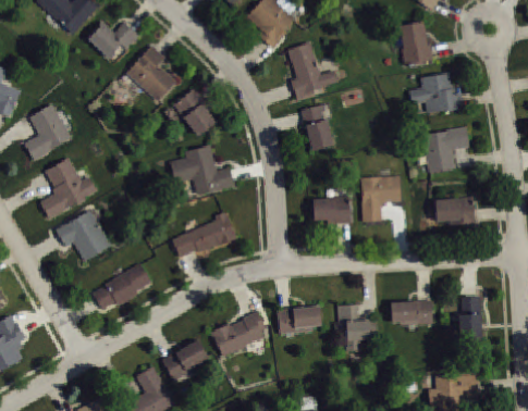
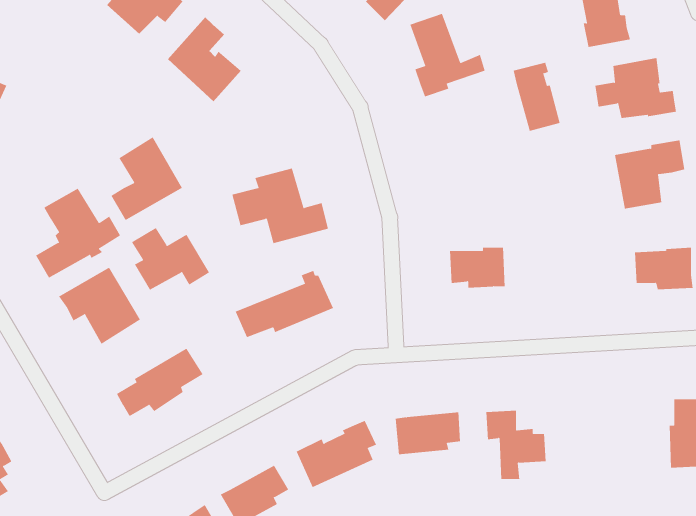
building: [174,88,216,135] -> none
building: [24,103,72,159] -> [110,137,183,221]
building: [302,104,333,150] -> [513,62,561,131]
building: [360,176,401,221] -> none
building: none -> [131,227,210,291]
building: [391,300,433,325] -> none

